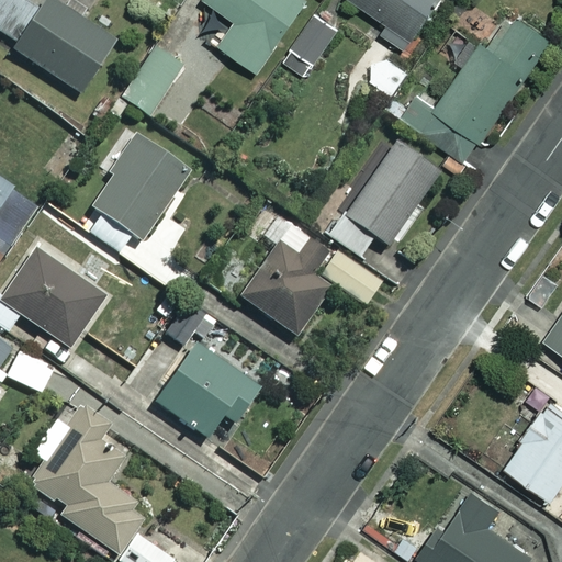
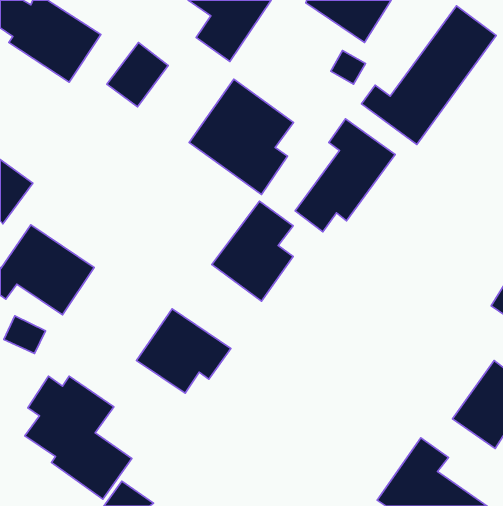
building: [283,14,339,76] -> none
building: none -> [189,79,293,194]
building: [90,137,189,251] -> none

